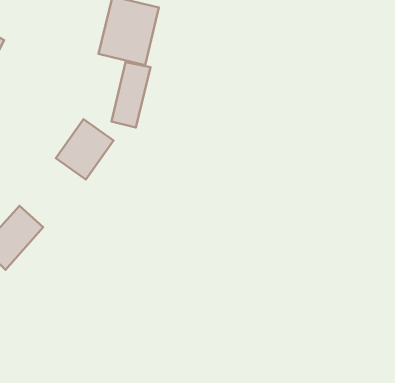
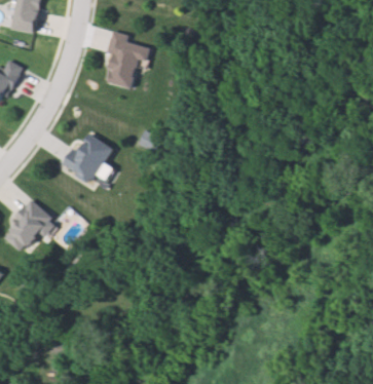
building: [112,62,151,127] -> none

